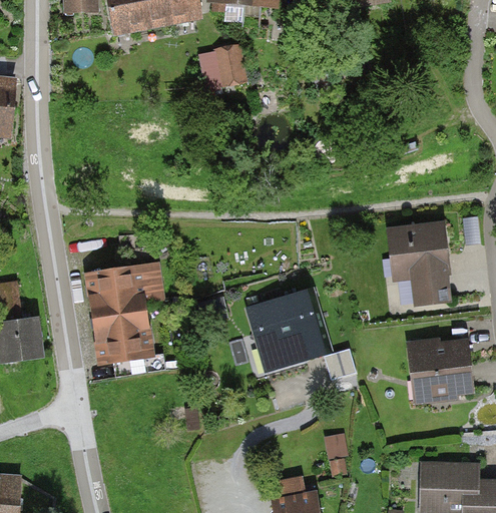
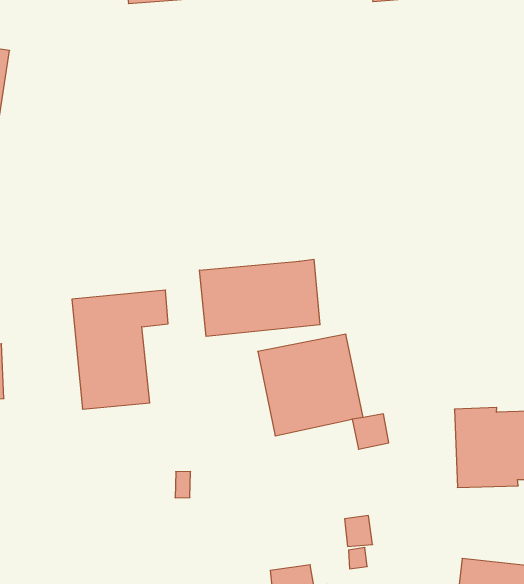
building: [216,44,251,87] -> none
building: [386,219,450,307] -> none
building: none -> [200,259,320,336]

